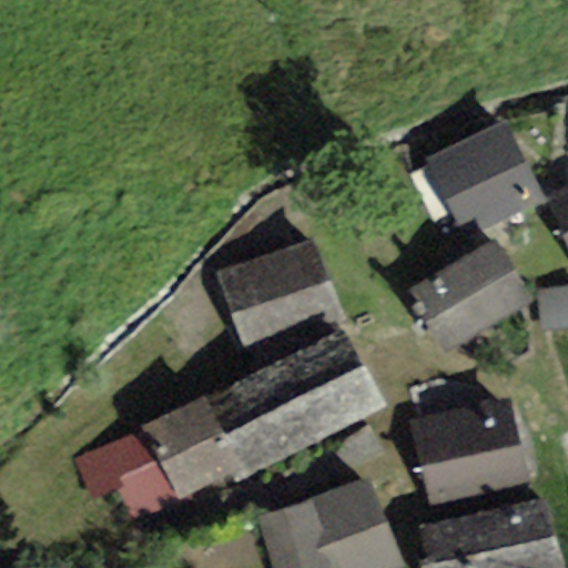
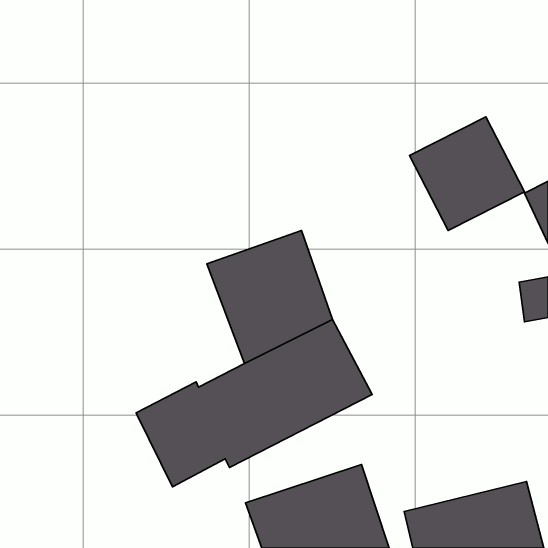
building: [407,239,532,354] -> none
building: [408,402,530,507] -> none
building: [74,429,179,526] -> none

